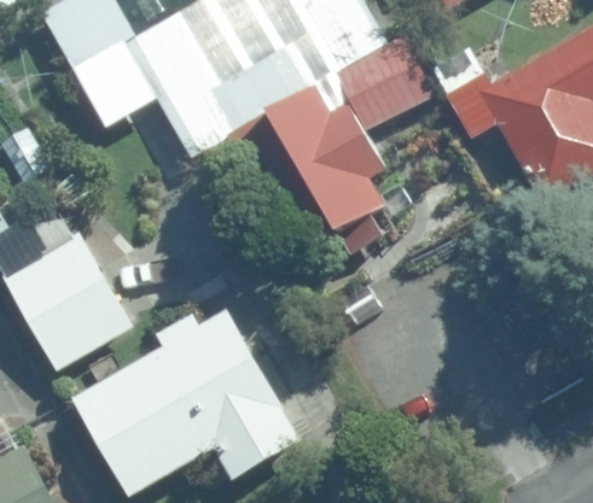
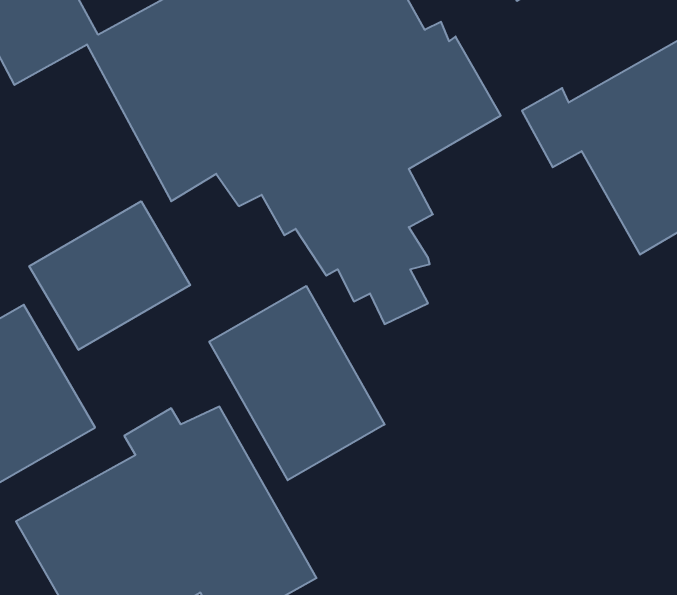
building: none -> [29,201,190,350]
building: none -> [209,286,385,480]

